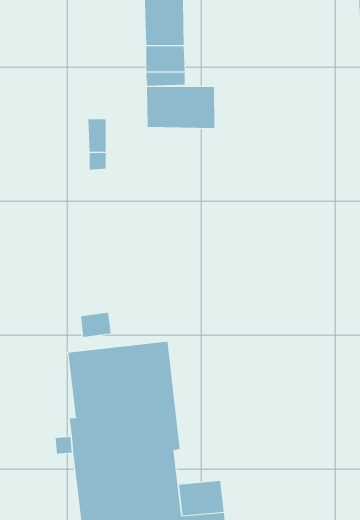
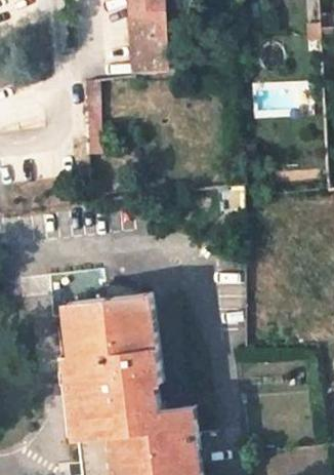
building: [147,86,215,129] -> none

